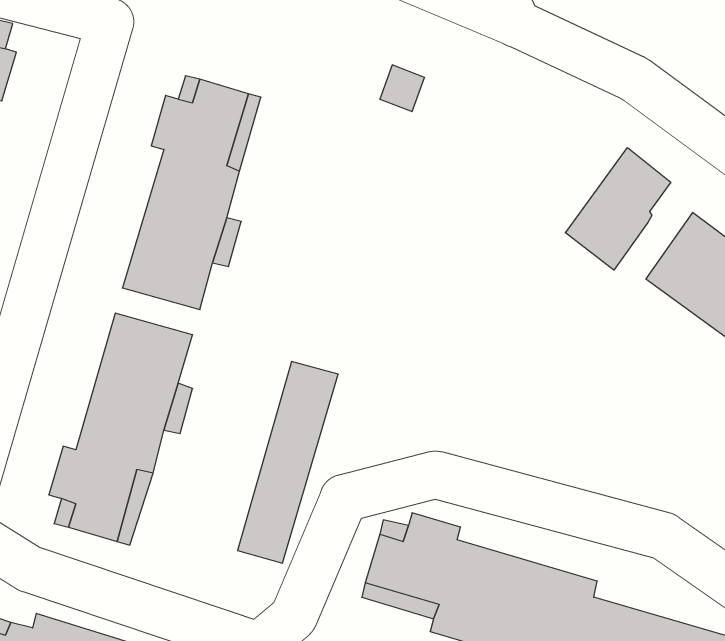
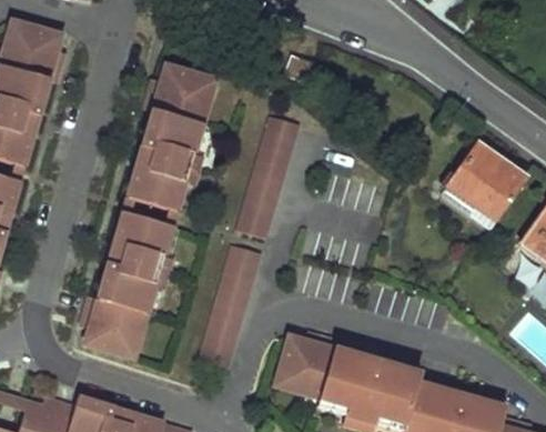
building: [565,148,671,270] -> none
building: none -> [237,112,299,233]

